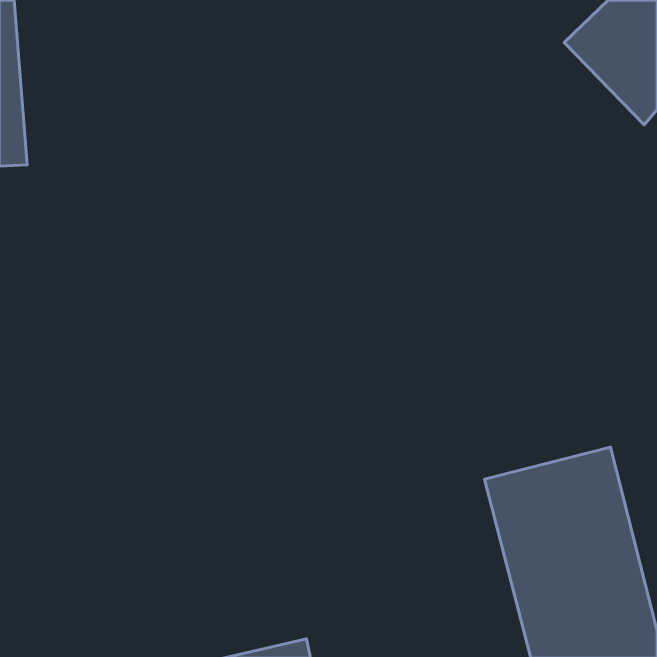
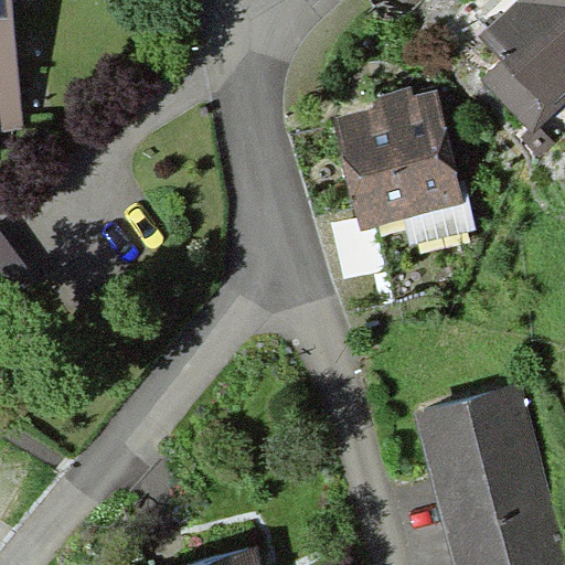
building: none -> [330,92,460,228]

